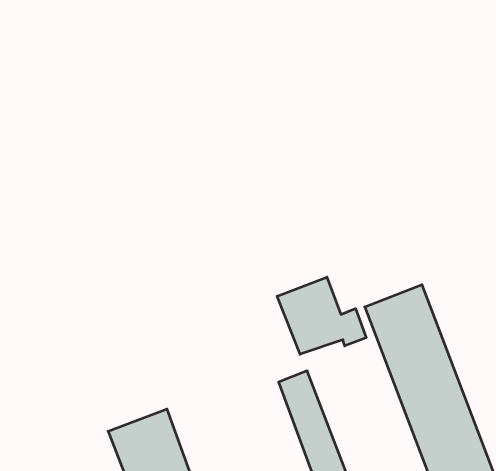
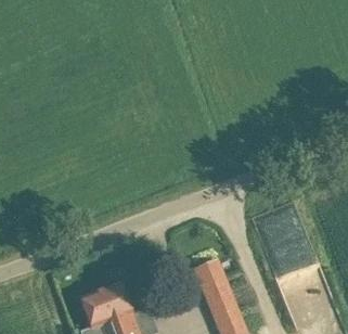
building: [277,277,366,354] -> none

